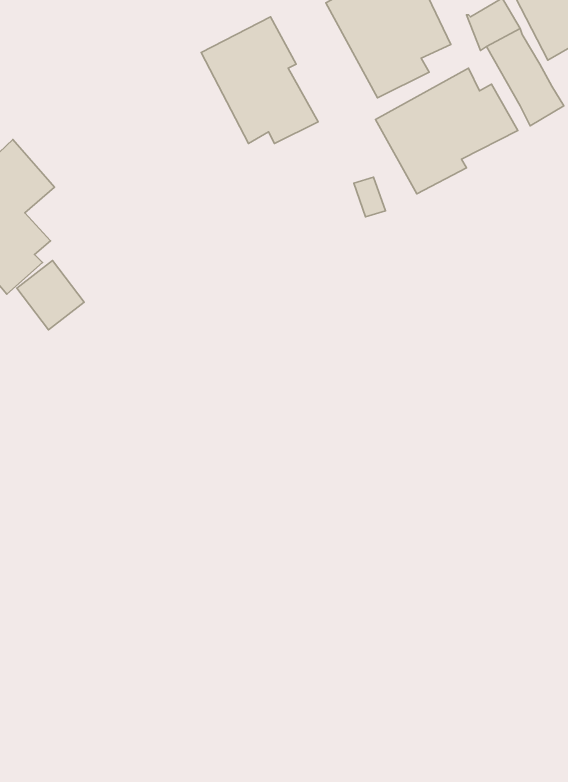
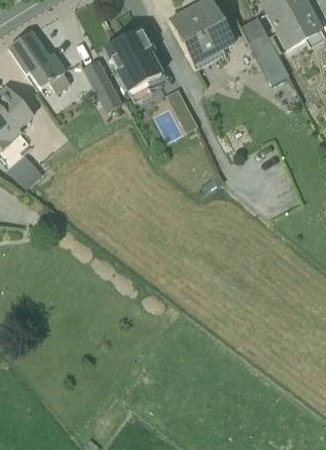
building: none -> [9,31,71,92]
building: [376,68,518,194] -> none
building: none -> [85,61,115,99]

